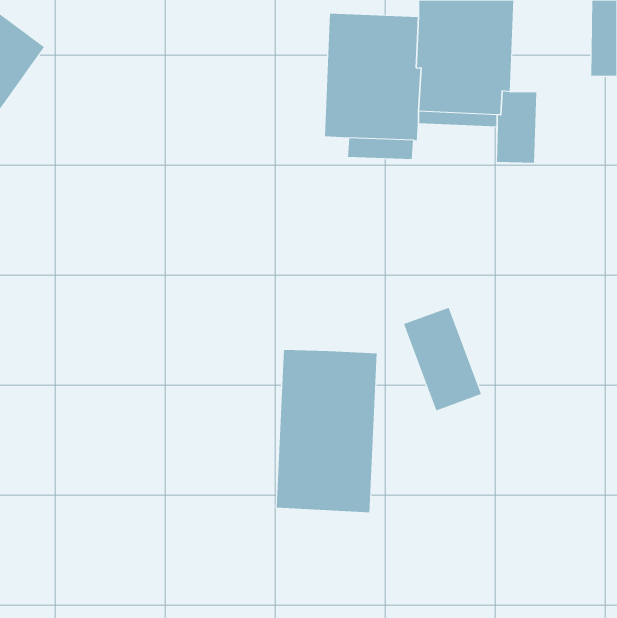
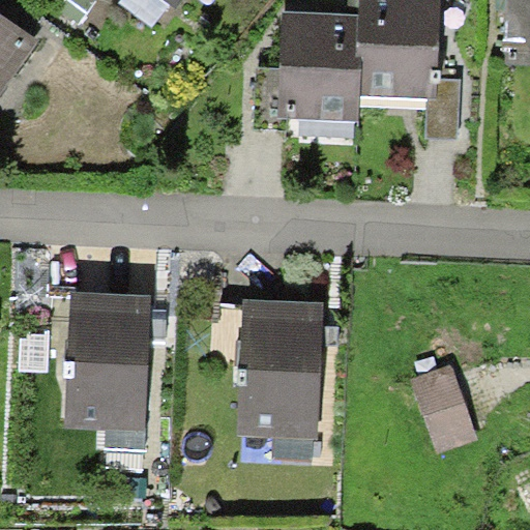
building: [403,307,482,411] -> [409,365,476,454]
building: none -> [64,292,149,430]

